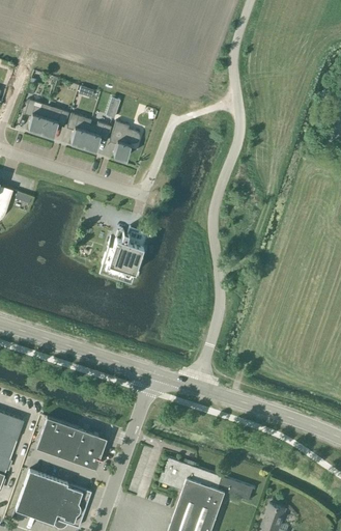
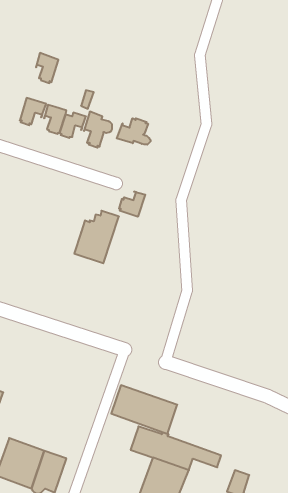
building: [24,100,48,132] -> [36,53,58,83]
building: none -> [117,118,151,145]
building: none -> [119,192,145,217]
building: [35,417,106,469] -> [111,385,177,434]

